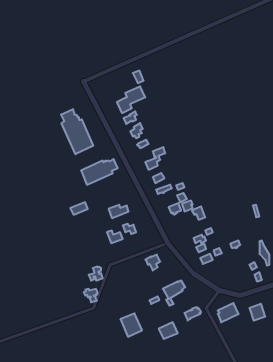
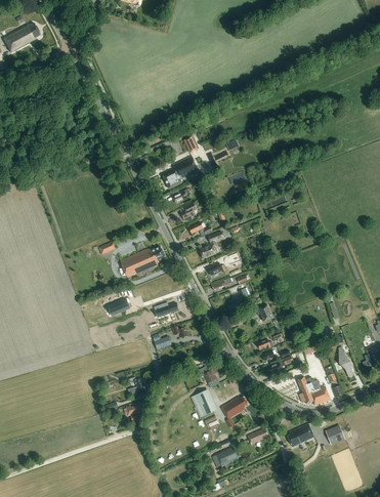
building: [61,109,93,154] -> none
building: none -> [297,376,330,405]
building: [120,313,142,337] -> [191,389,217,418]

